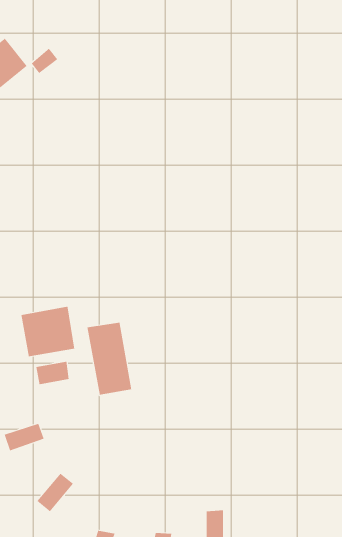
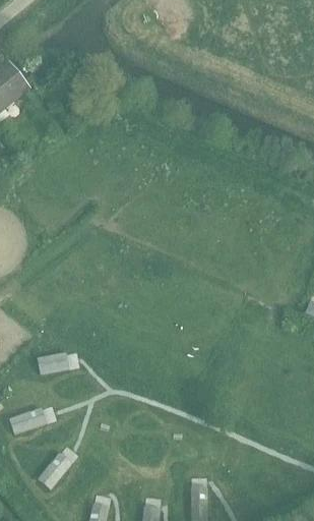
building: [21,306,75,357] -> none
building: [87,322,132,396] -> none

